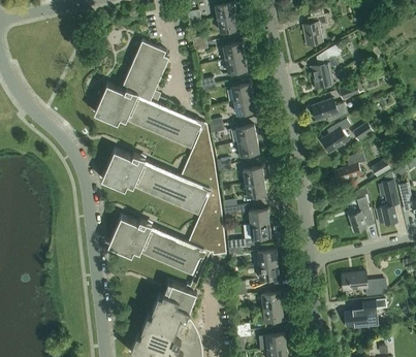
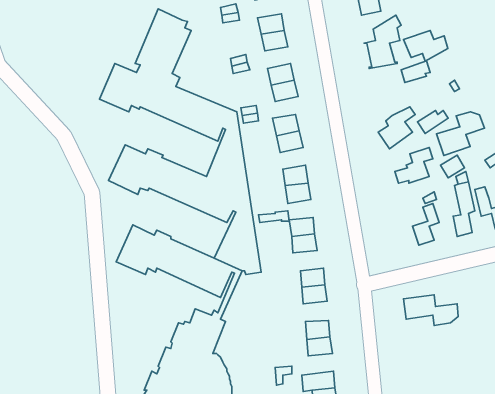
building: [311,100,347,125] -> [403,31,448,61]
building: none -> [437,112,484,155]
building: [345,300,385,328] -> none

